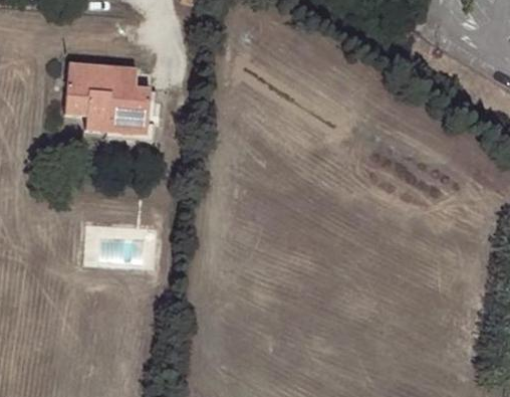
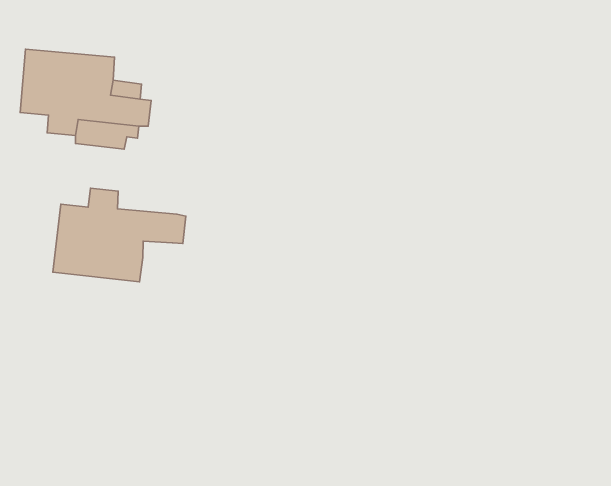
building: none -> [53,188,186,282]

